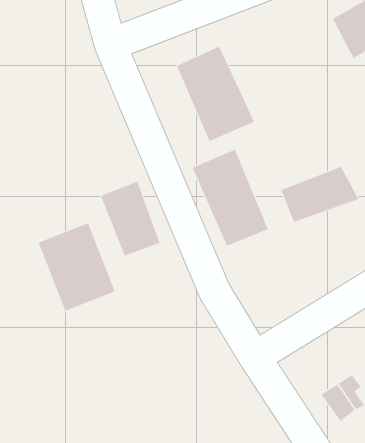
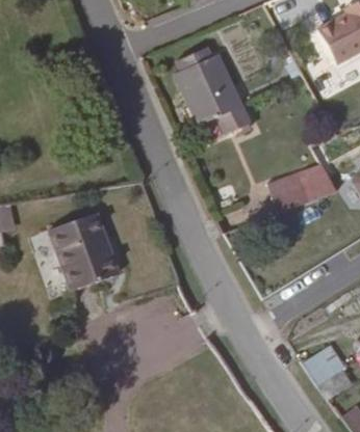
building: [192,149,269,247] -> none
building: [100,181,160,256] -> none

